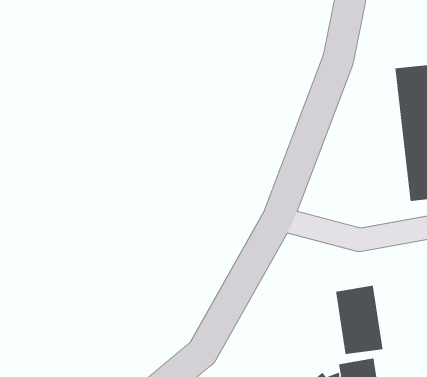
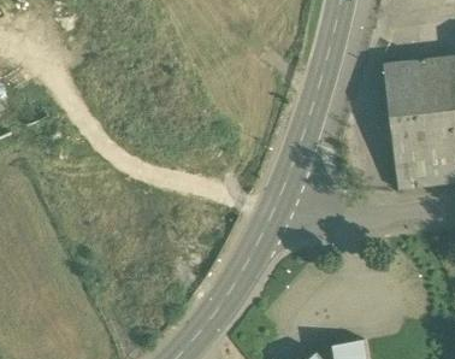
building: [335,285,383,355] -> none

